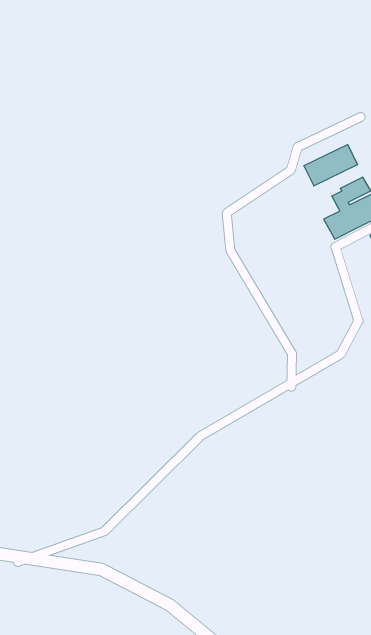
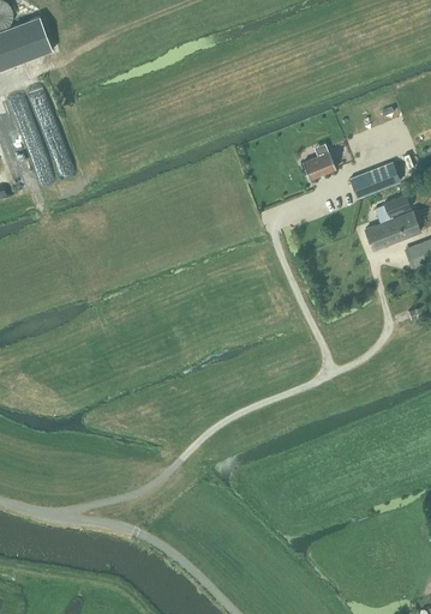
building: none -> [303,151,336,179]

